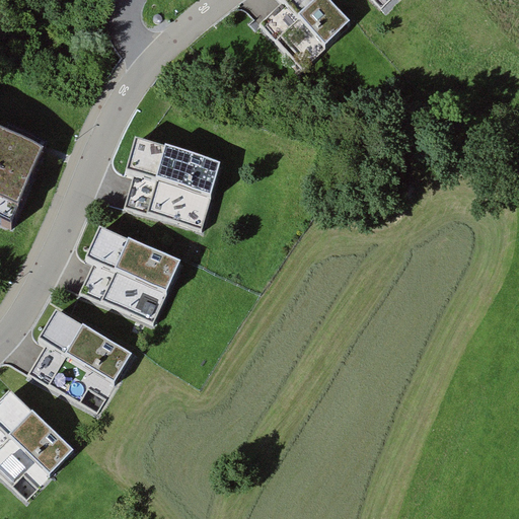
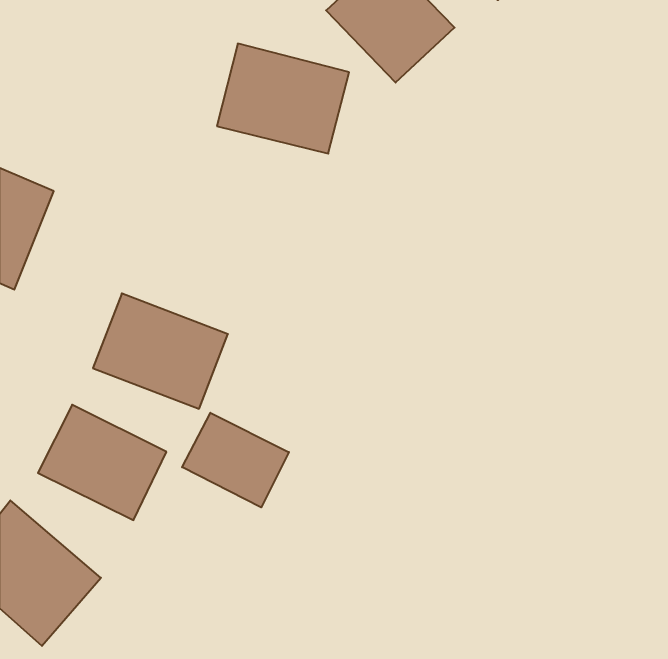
building: [118,138,220,223] -> [217,44,349,154]
building: none -> [182,413,289,507]

